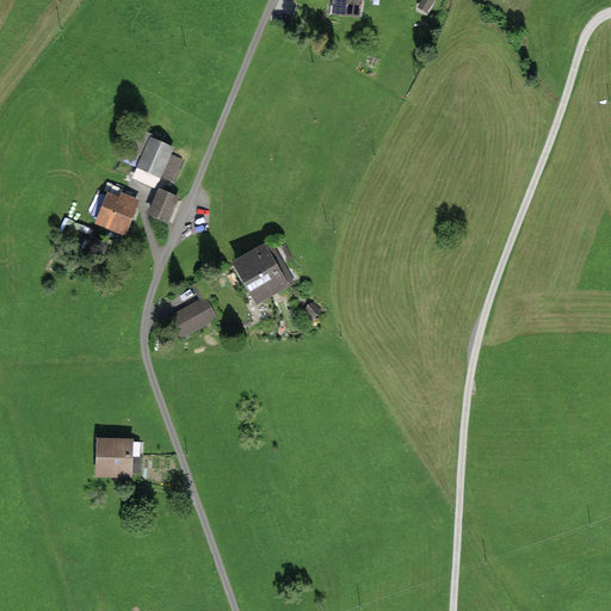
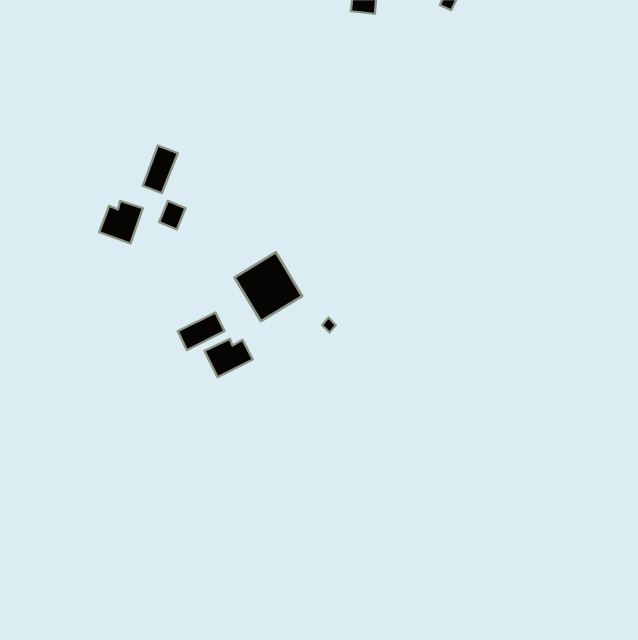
building: none -> [205,339,253,377]
building: [90,434,130,477] -> none

